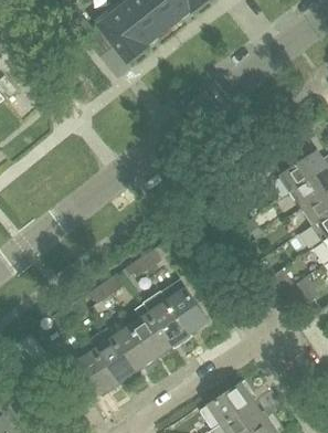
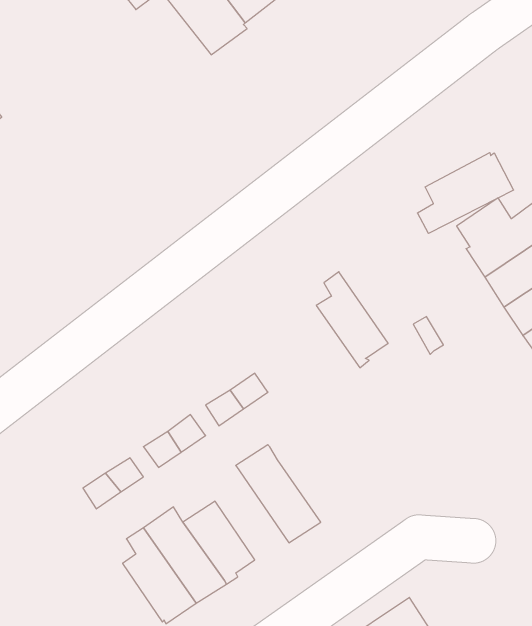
building: none -> [417,153,514,233]
building: [166,279,208,336] -> [316,272,388,368]
building: [129,303,172,360] -> none

